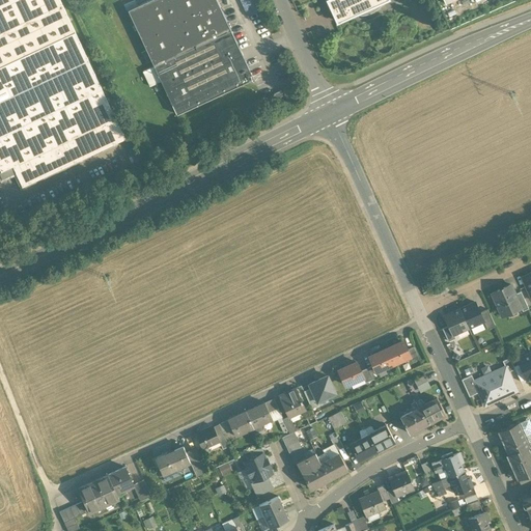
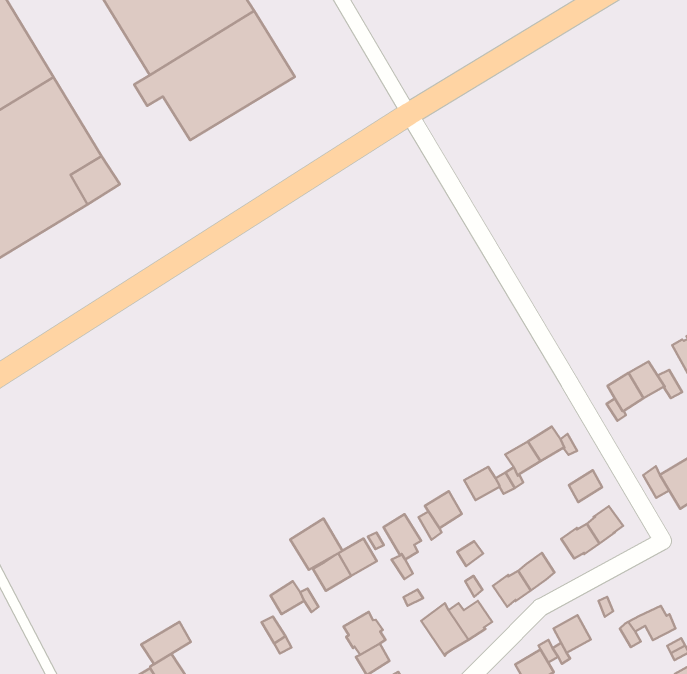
building: none -> [290,518,342,570]
building: [155,447,189,474] -> [141,622,191,664]
building: [431,453,464,477] -> none

